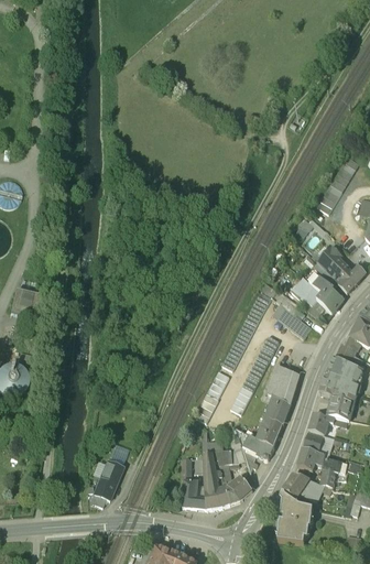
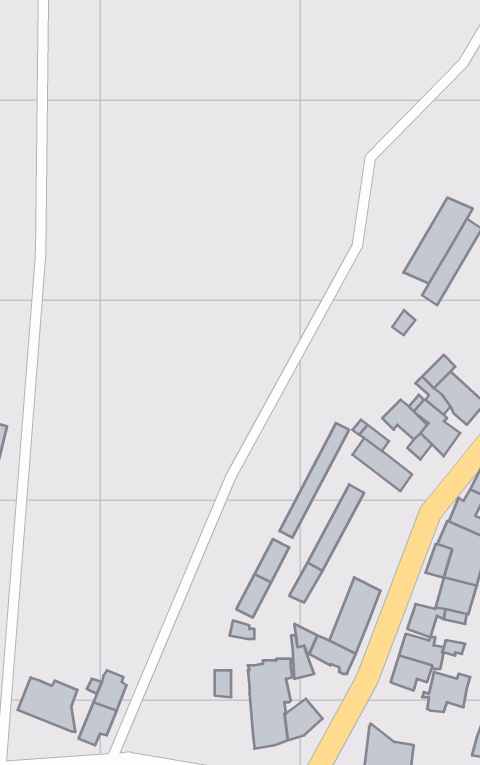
building: none -> [403,198,473,284]
building: [269,364,300,404] -> none
building: none -> [18,677,77,732]
building: [283,473,324,501] -> none
building: [182,479,207,509] -> none

